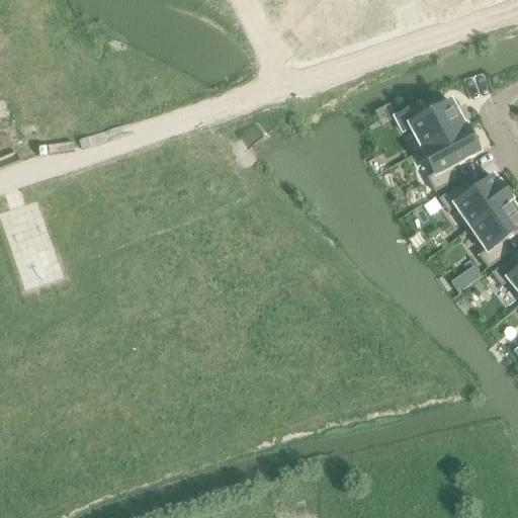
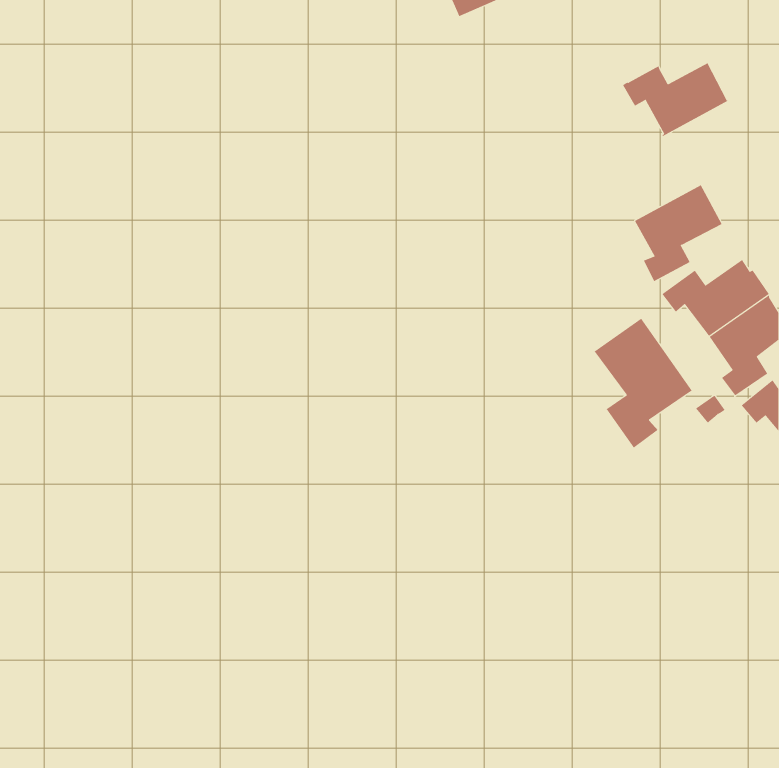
building: [395,97,465,147] -> [622,62,729,137]
building: none -> [594,318,692,449]

